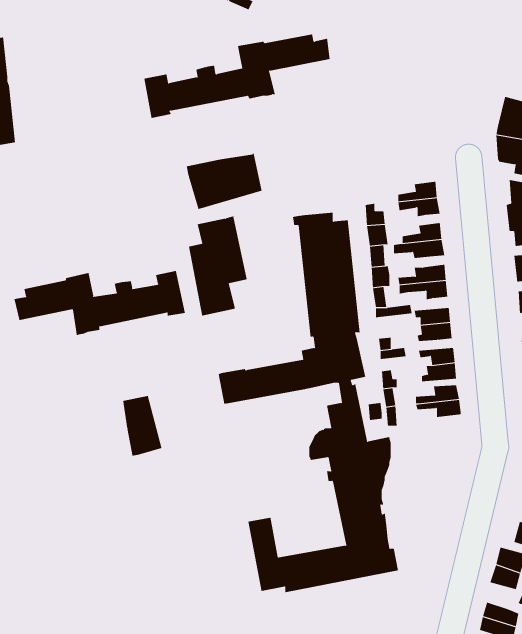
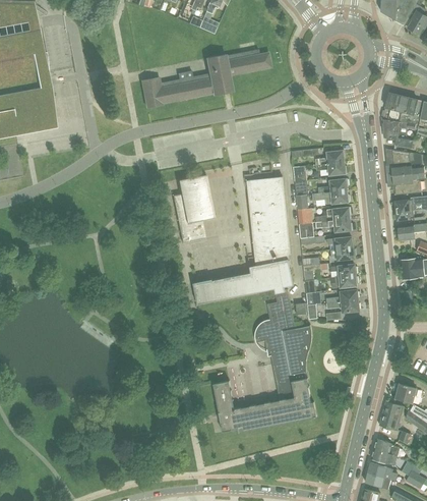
building: [186,152,262,210] -> none
building: [14,270,185,336] -> none
building: [122,395,162,456] -> none

